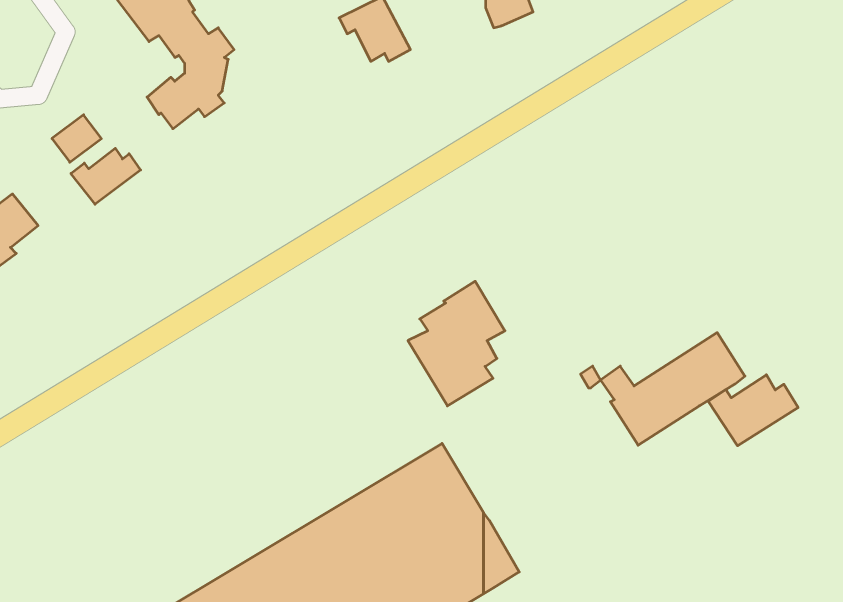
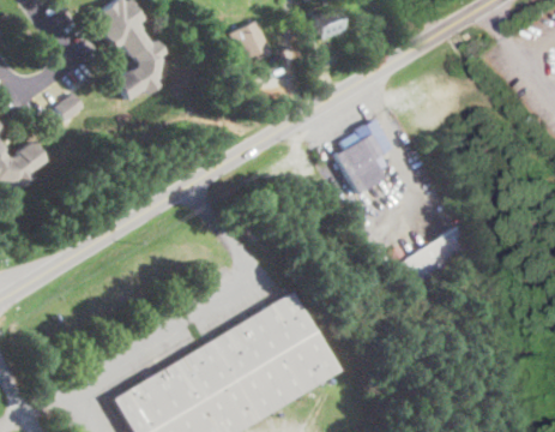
building: [71,148,141,204] -> none
building: [408,281,505,406] -> [333,119,392,194]
building: [708,375,798,446] -> none

